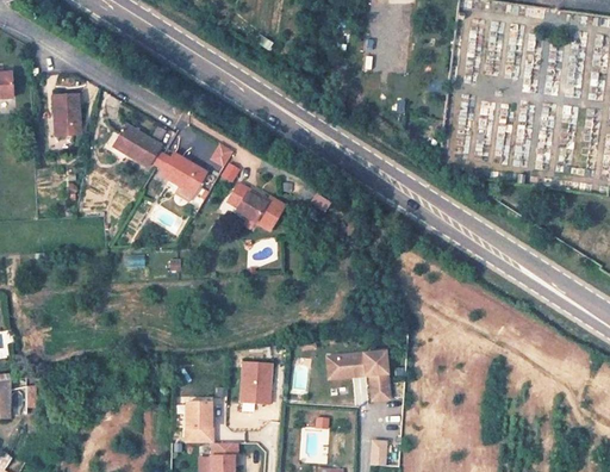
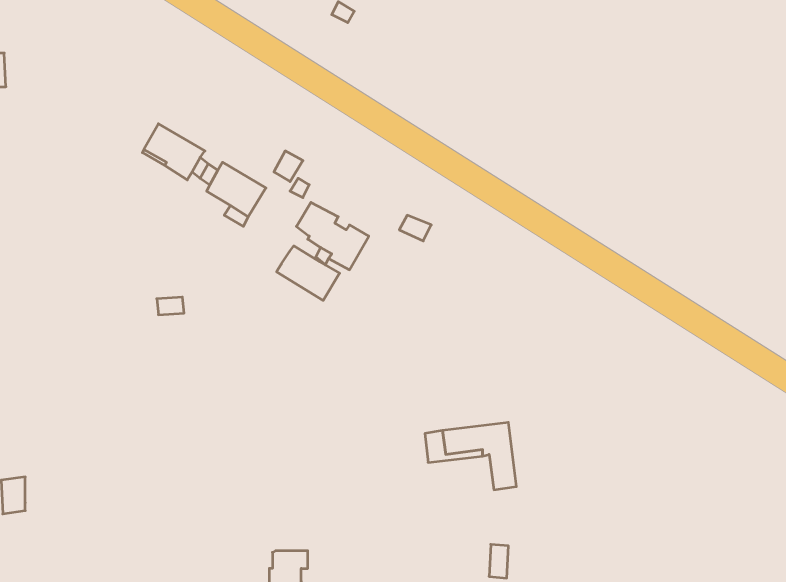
building: [52,95,80,135] -> none
building: none -> [277,246,340,300]
building: [239,361,272,403] -> none
building: [186,402,213,443] -> none

